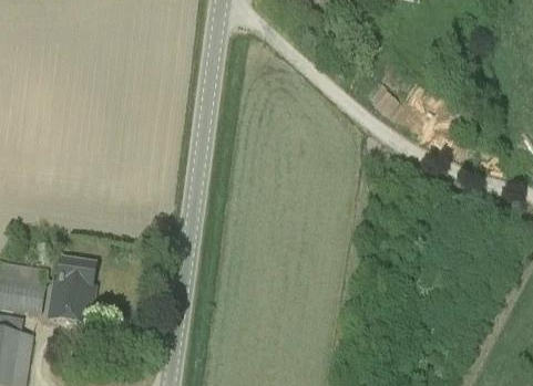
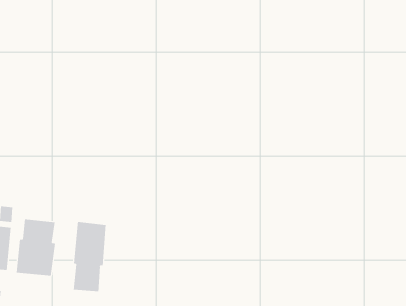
building: none -> [73,221,106,292]

